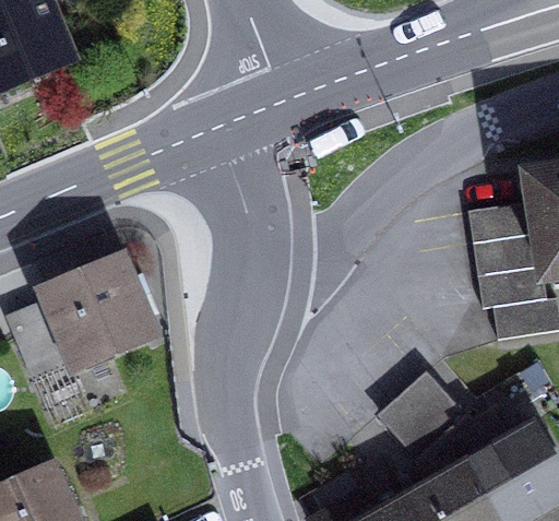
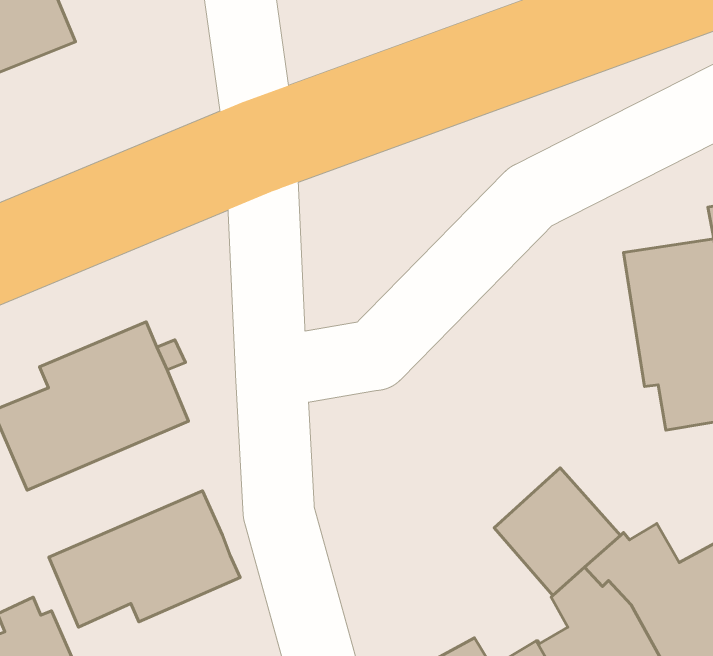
building: none -> [49,491,240,627]

